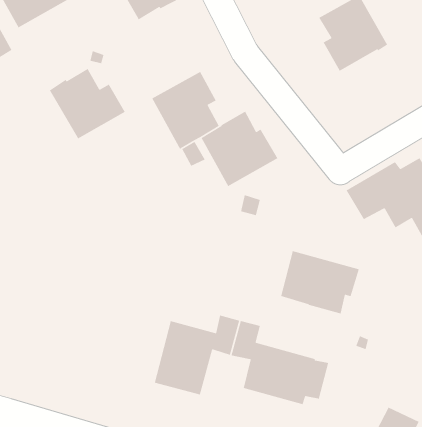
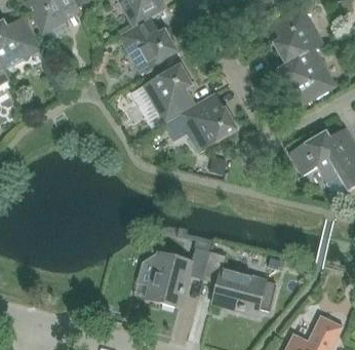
building: none -> [274,48,333,104]
building: [49,68,126,139] -> [120,16,177,70]
building: [280,250,360,315] -> none

